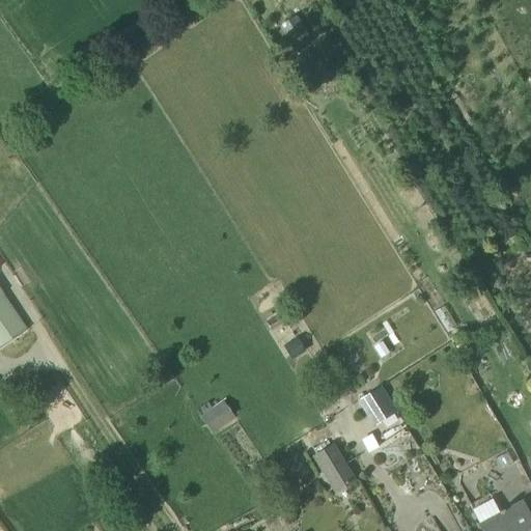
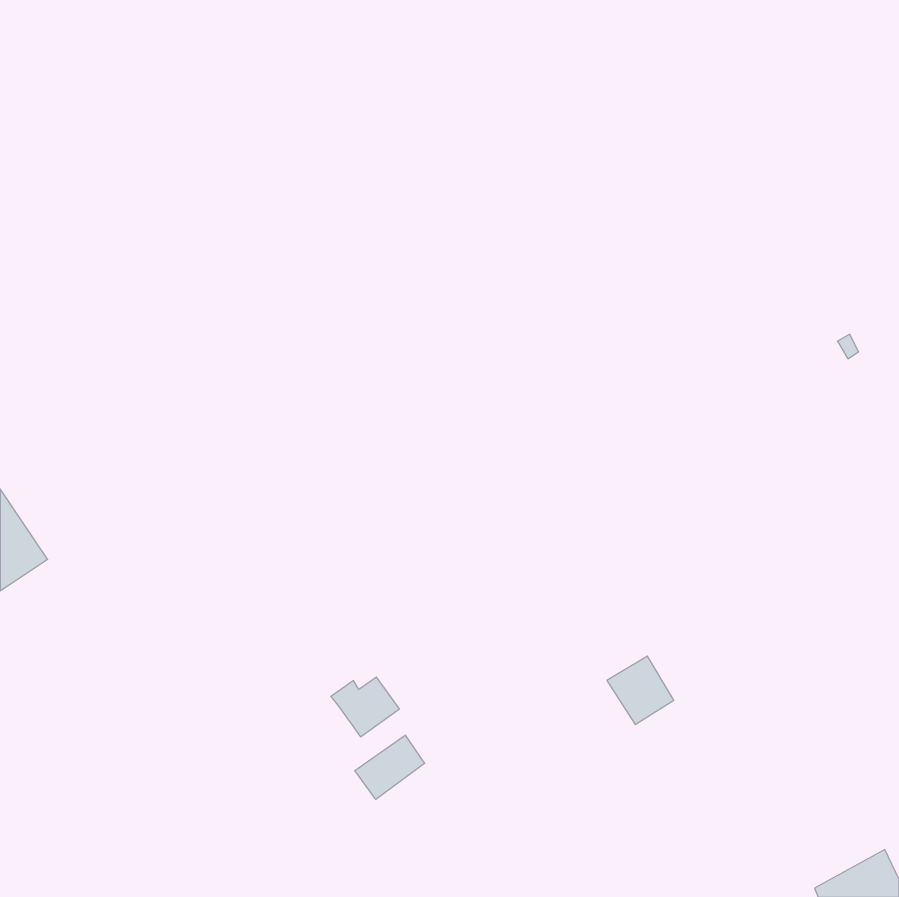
building: none -> [355,735,425,799]
building: [313,443,356,493] -> none

